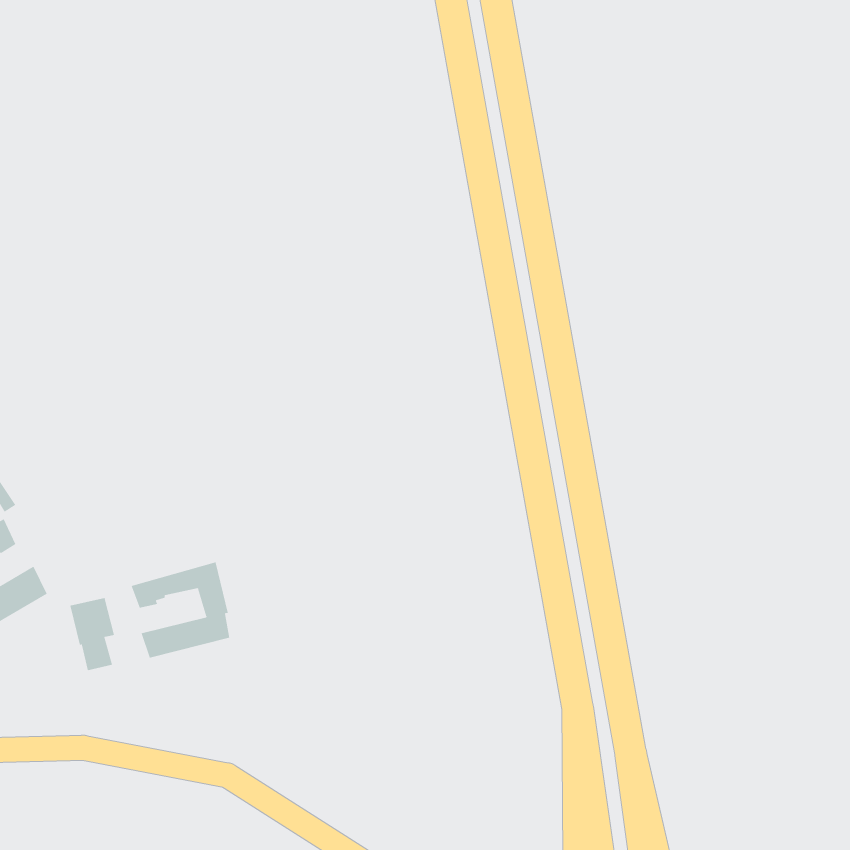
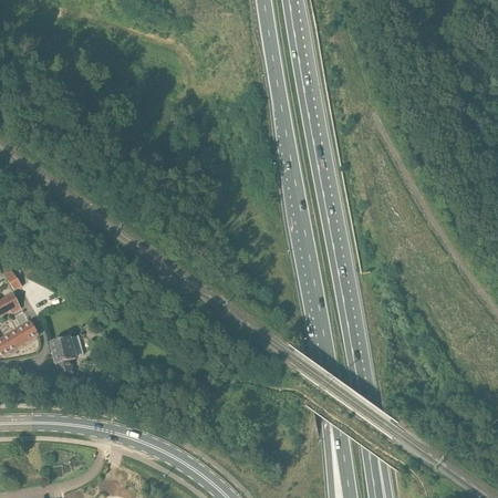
building: [131,562,230,658] -> none

